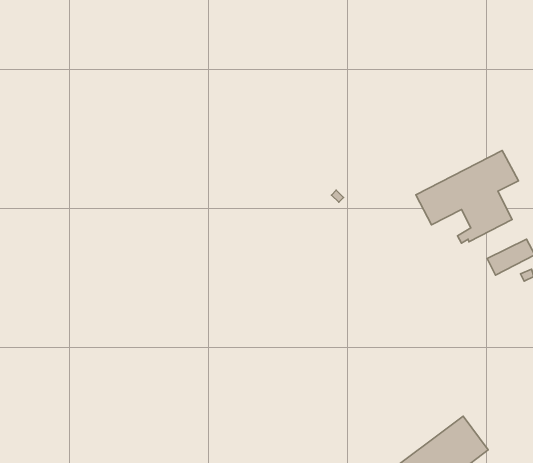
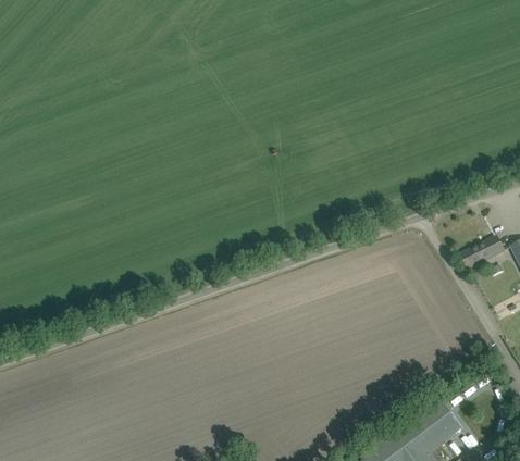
building: [416,150,519,243] -> none

